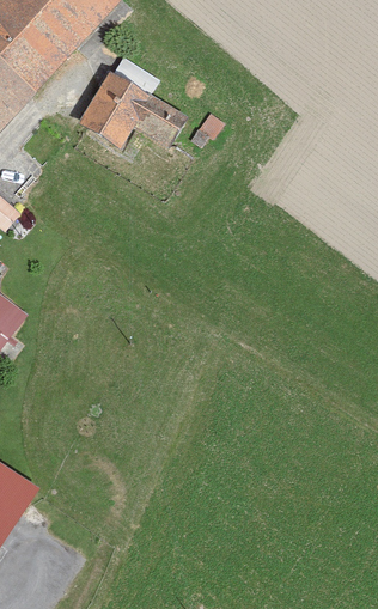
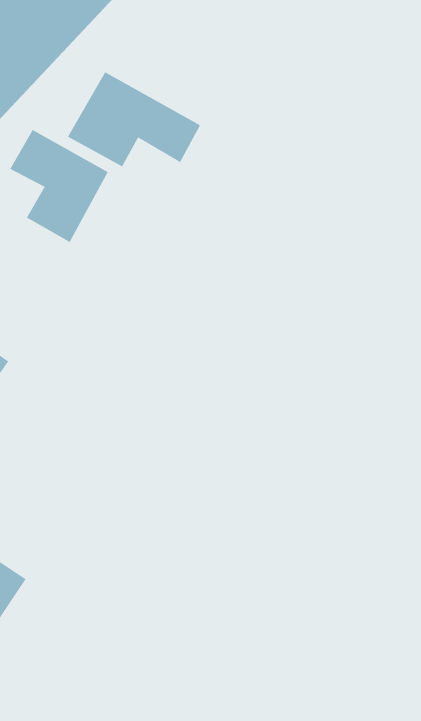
building: none -> [10,129,109,243]

